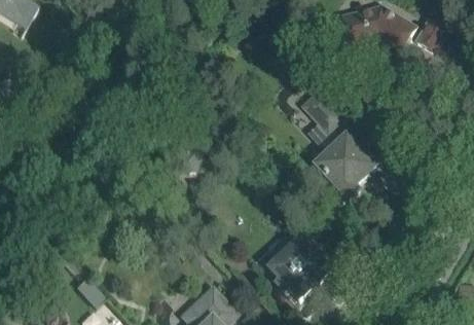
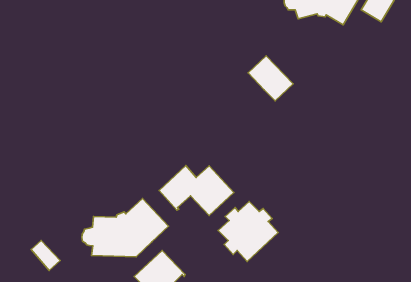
building: [315,134,376,201] -> none
building: none -> [159,166,234,216]
building: none -> [82,198,168,257]

